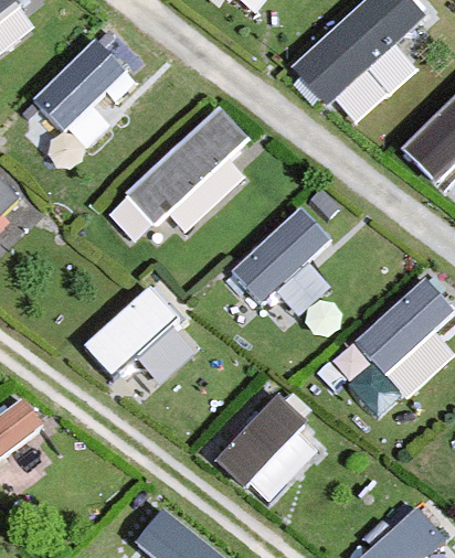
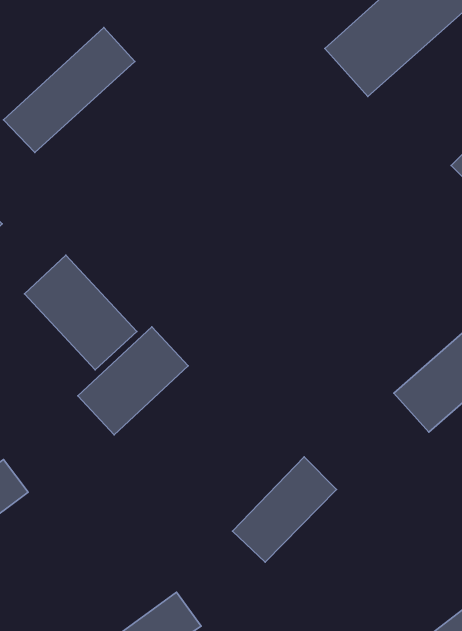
building: [124,109,250,229] -> none
building: [230,208,331,308] -> none
building: none -> [24,255,137,370]

